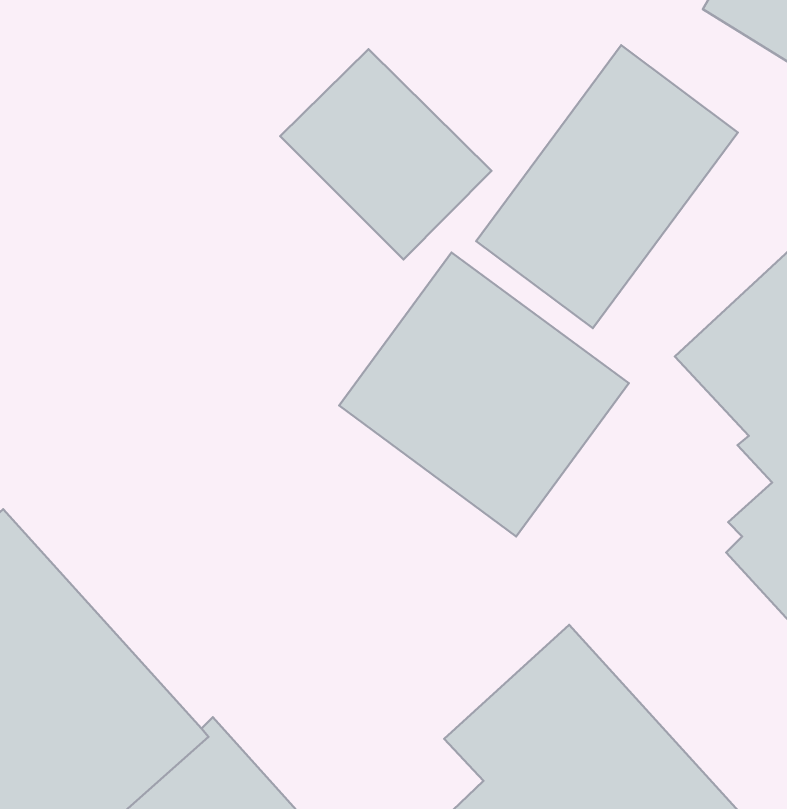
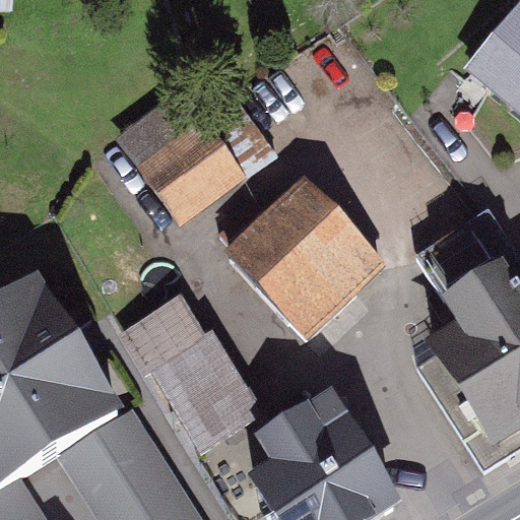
building: [476,45,738,328] -> none
building: [280,49,491,259] -> [127,101,238,217]
building: none -> [123,301,252,450]

